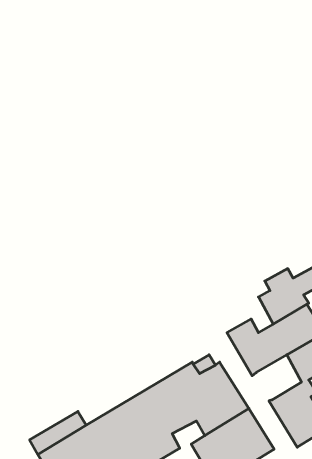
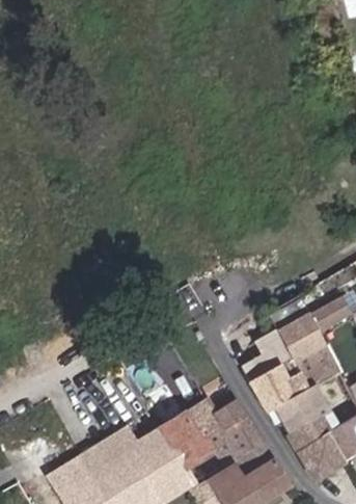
building: none -> [273,390,318,434]

